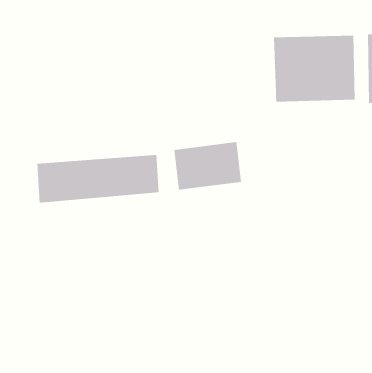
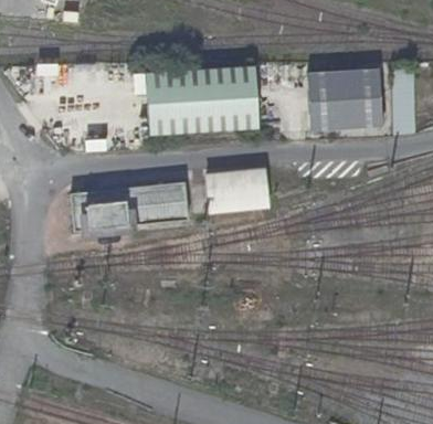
building: none -> [148,66,261,135]

